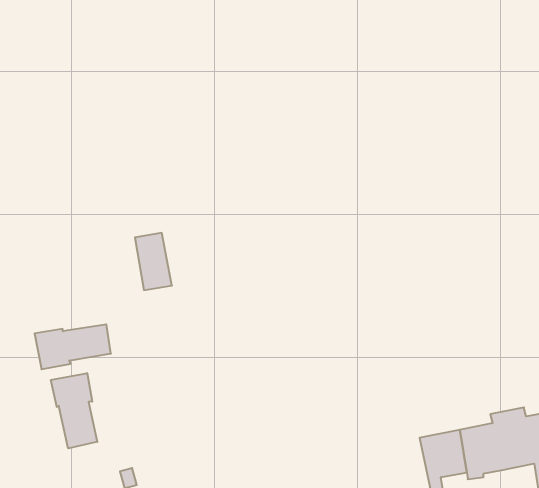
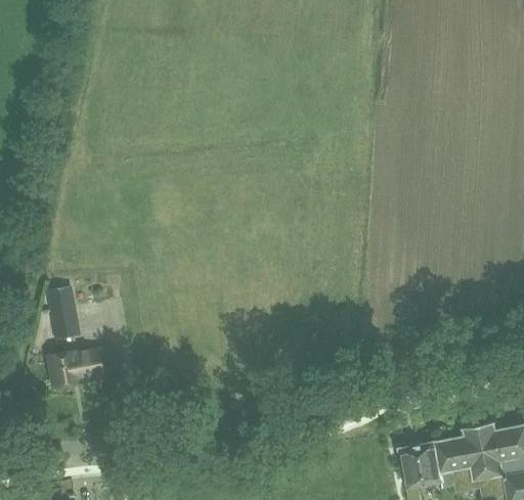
building: [135,233,172,290] -> [47,285,81,337]
building: [51,373,97,448] -> none

